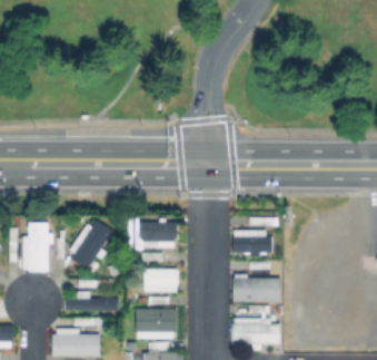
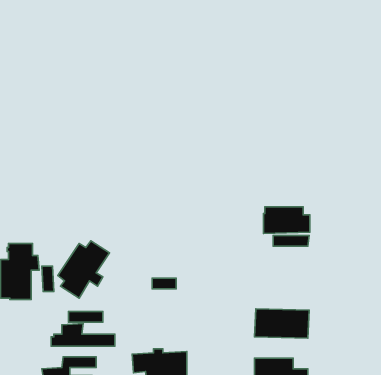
building: [139,217,177,246] -> none
building: [232,230,271,252] -> [263,207,310,233]
building: [143,269,178,290] -> none

